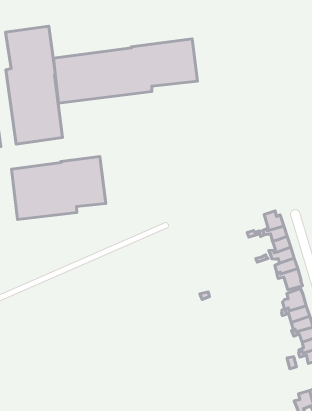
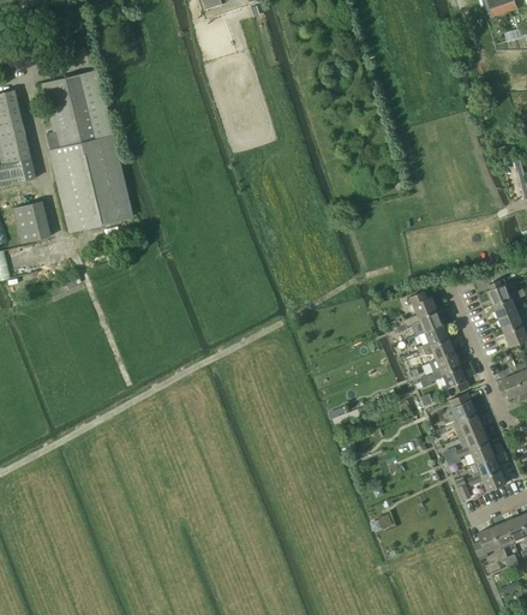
building: [53,39,197,103] -> none
building: [11,156,106,220] -> none

